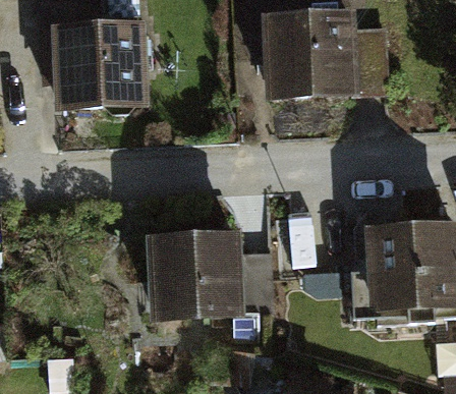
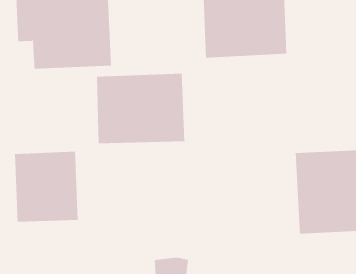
building: none -> [14,151,78,223]
building: [151,233,256,318] -> [96,73,185,144]

